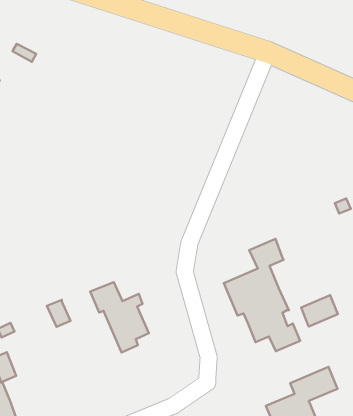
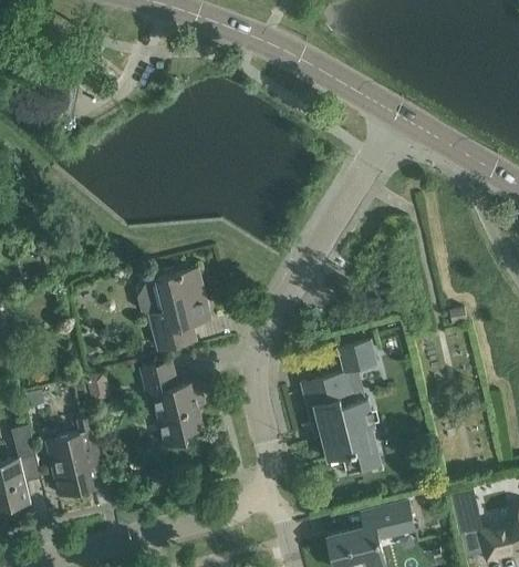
building: none -> [142,269,209,350]
building: [301,295,338,326] -> none
building: none -> [45,416,102,496]

